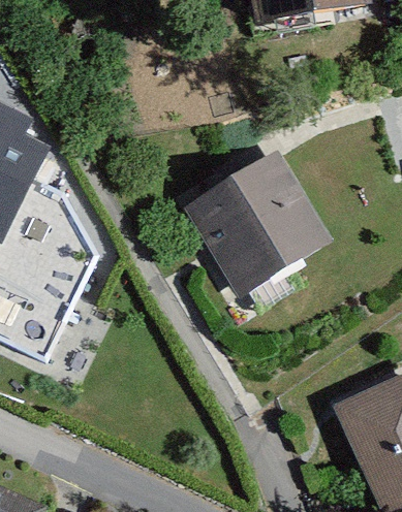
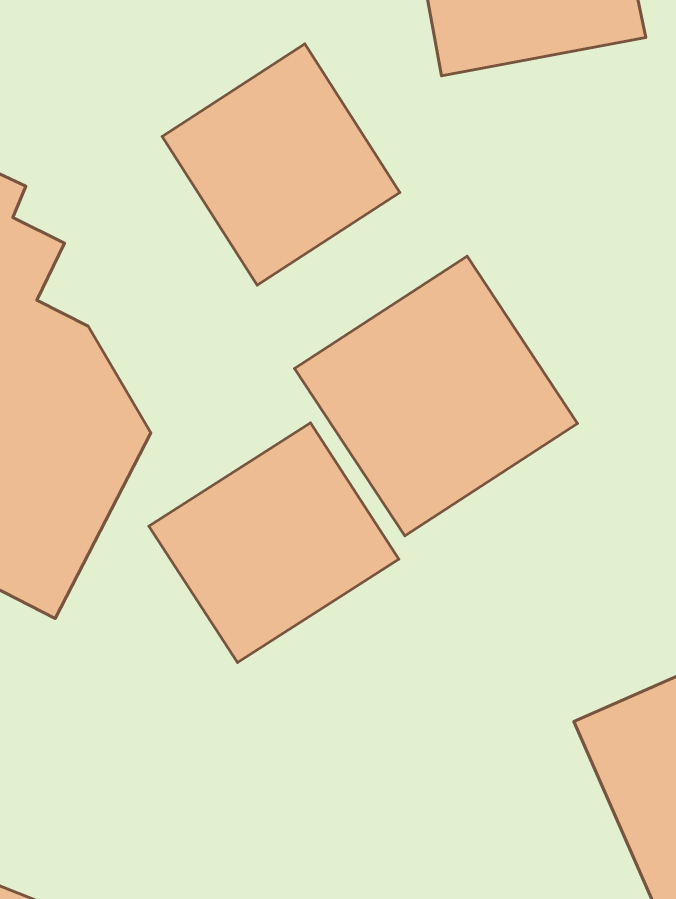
building: none -> [162,44,400,285]
building: none -> [149,423,399,663]

